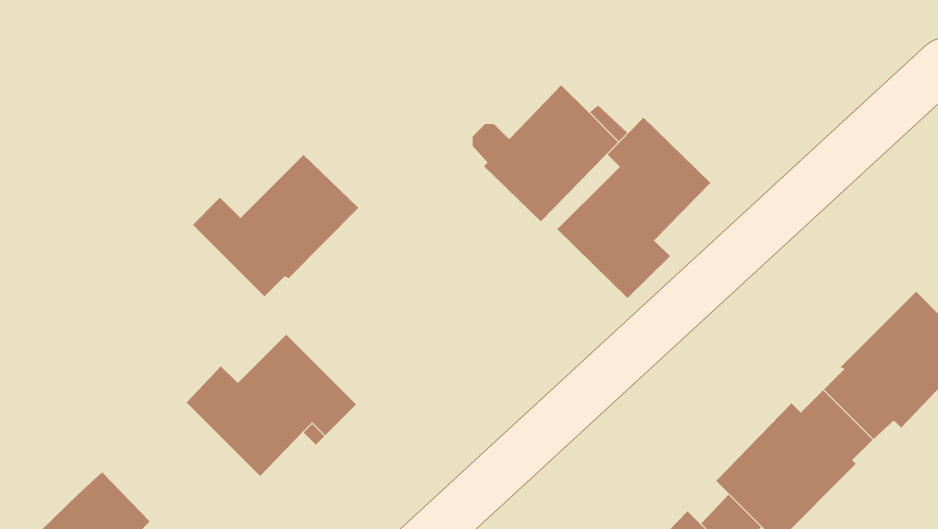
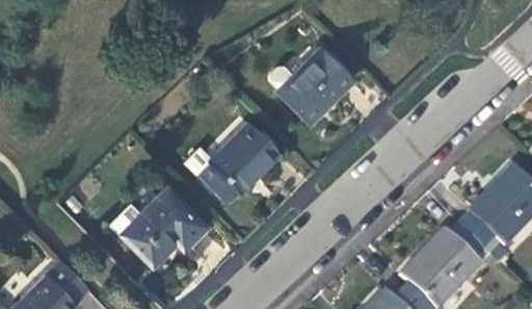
building: [557,117,711,299] -> none
building: [192,154,359,297] -> [185,127,278,207]

